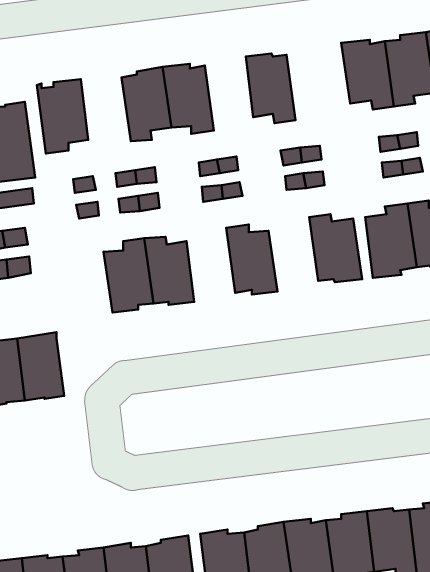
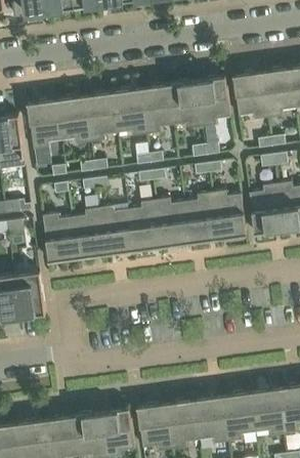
building: none -> [196,76,230,127]
building: none -> [140,84,173,134]
building: none -> [56,97,90,143]
building: none -> [183,193,217,243]
building: none -> [128,200,161,250]
building: none -> [42,213,78,261]

